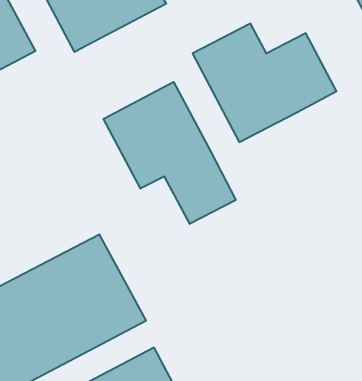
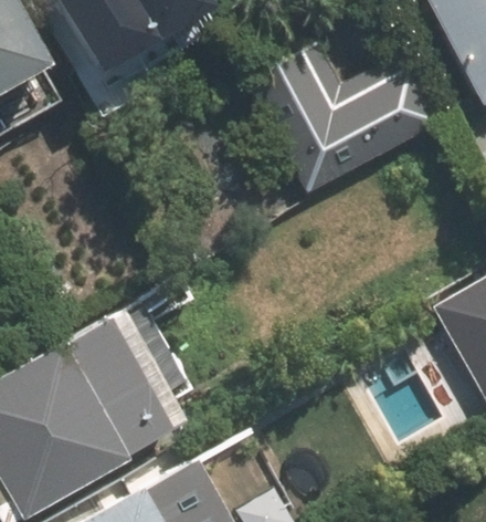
building: [104,82,236,224] -> none

